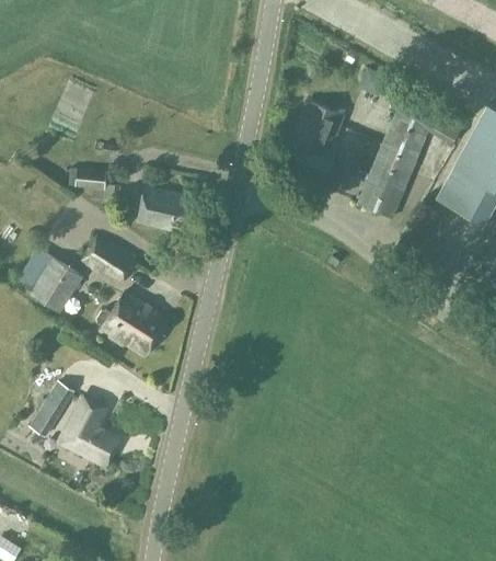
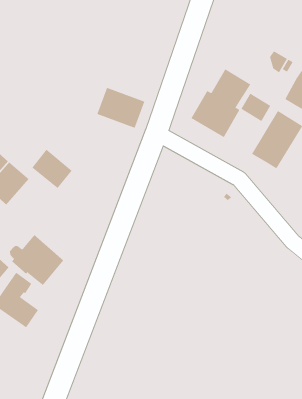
building: [70,170,108,191] -> none
building: [138,187,197,234] -> [96,87,145,129]
building: [96,293,168,356] -> [9,234,64,286]

